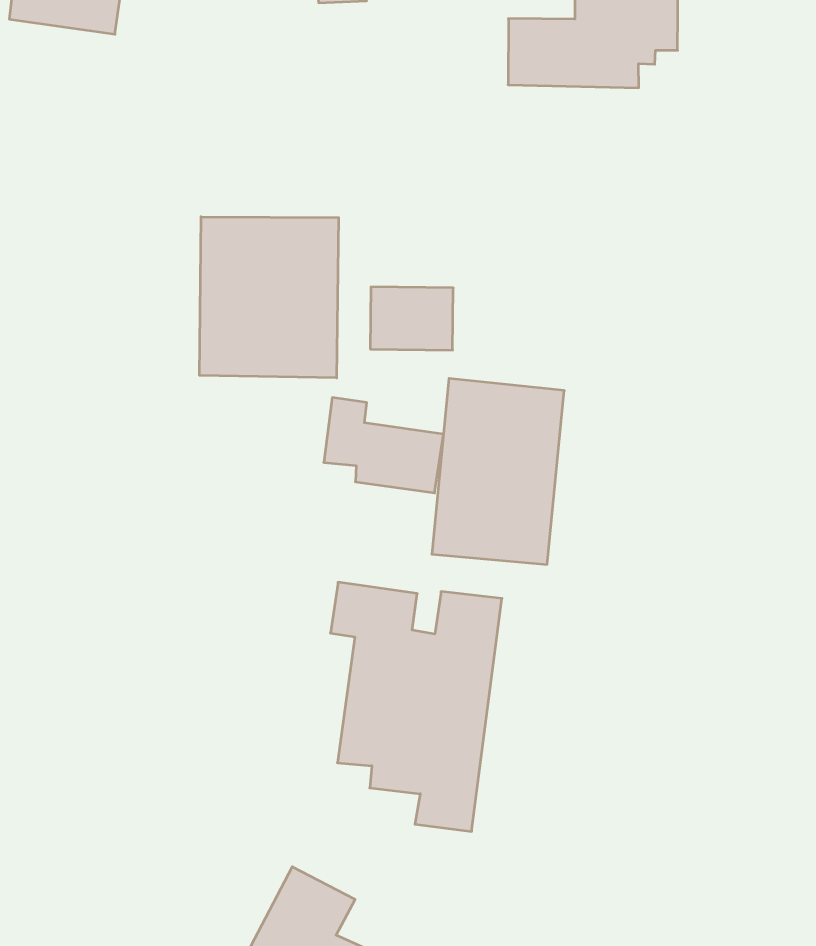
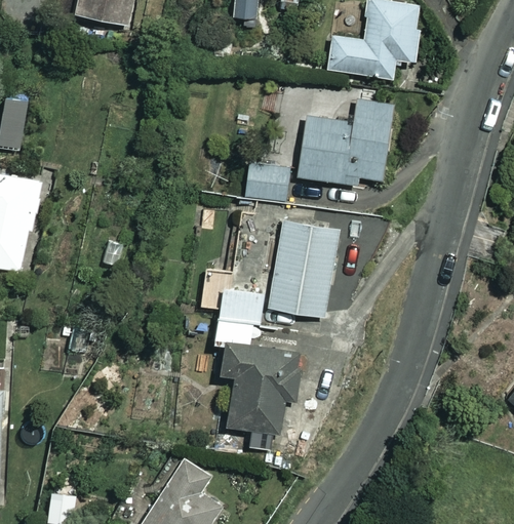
building: none -> [296,96,391,185]
building: [200,217,339,378] -> none
building: [324,398,444,493] -> [202,273,265,326]

